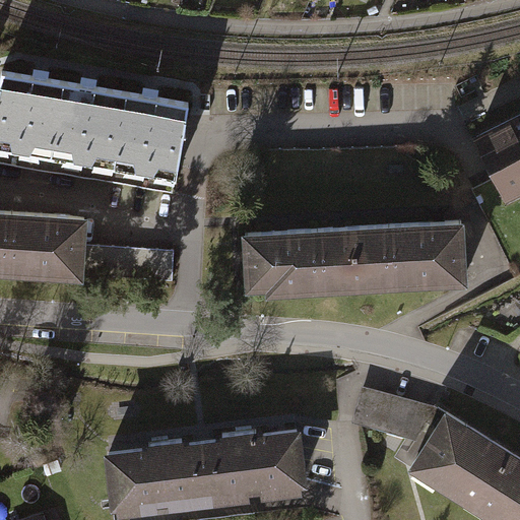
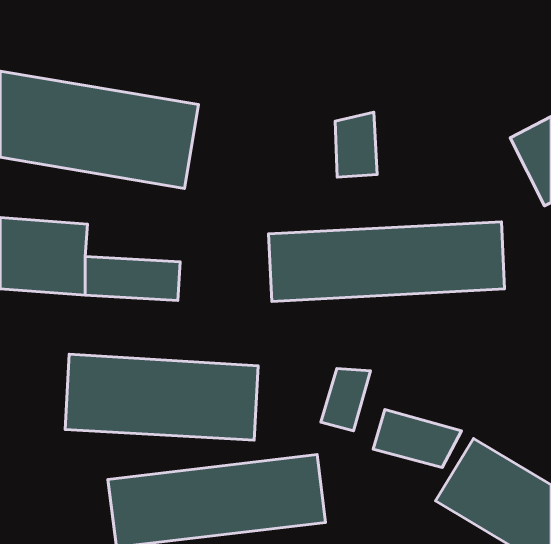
building: none -> [335,112,377,177]
building: none -> [65,354,258,440]
building: none -> [321,368,370,431]

